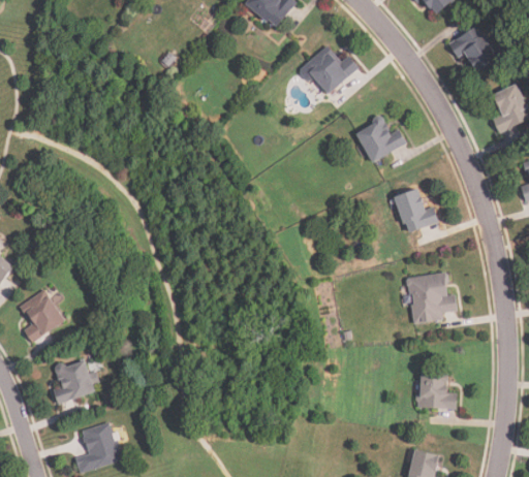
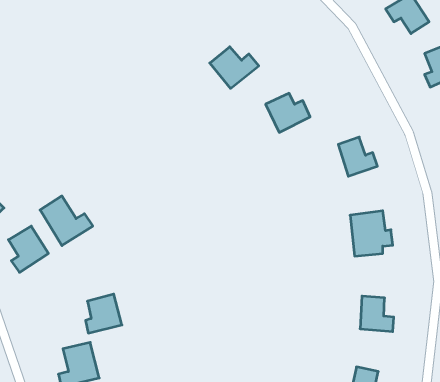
building: [303,46,359,94] -> [210,47,259,88]
building: [355,118,406,162] -> [266,93,310,132]
building: none -> [40,196,93,246]
building: [53,358,94,403] -> [86,294,122,333]

